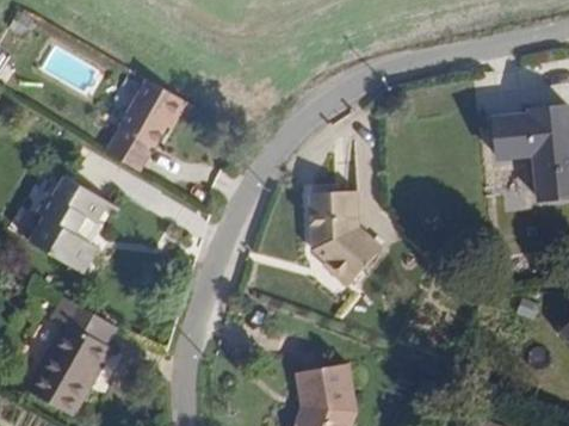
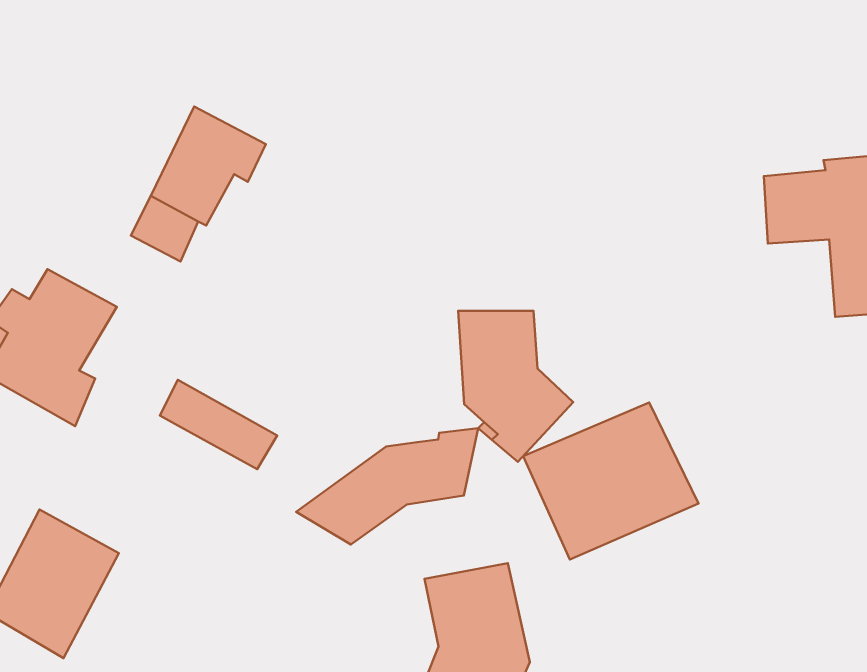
building: none -> [523,402,699,559]
building: none -> [296,428,478,545]
building: [49,292,119,346] -> [160,380,277,469]

